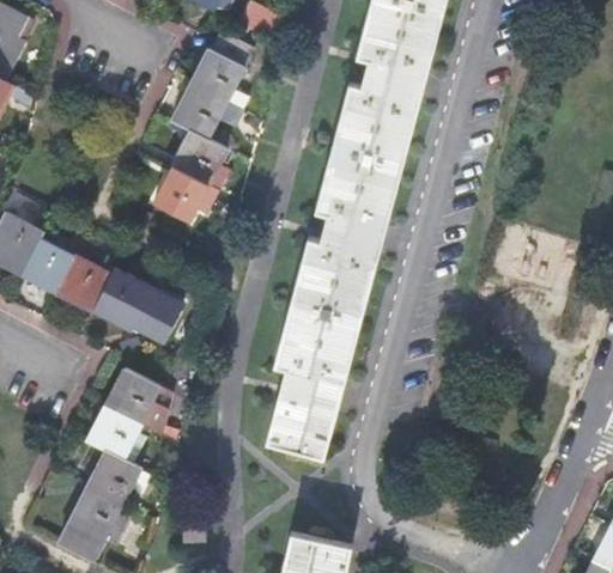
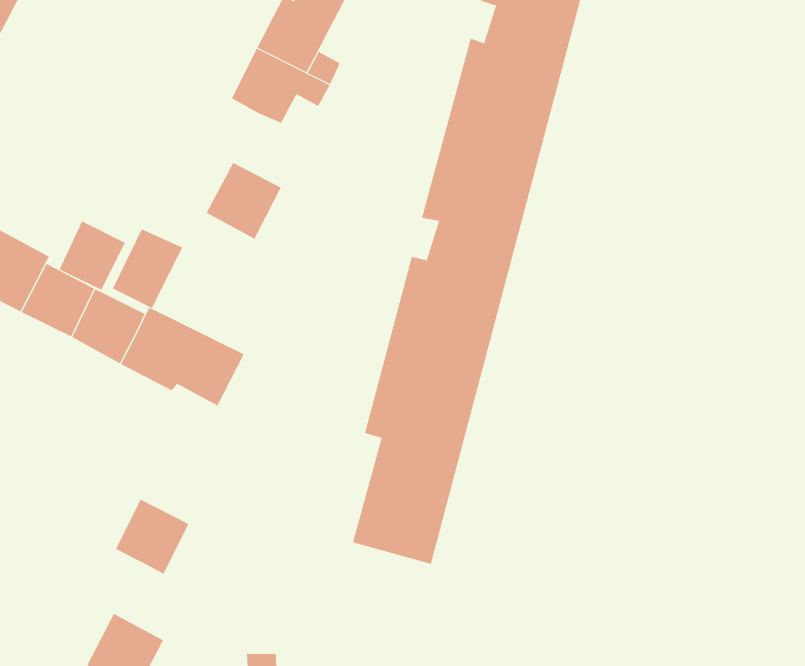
building: [177,133,232,190] -> none
building: none -> [59,221,126,290]
building: none -> [112,229,183,309]
building: [111,371,183,434] -> none
building: [92,452,147,507] -> none

